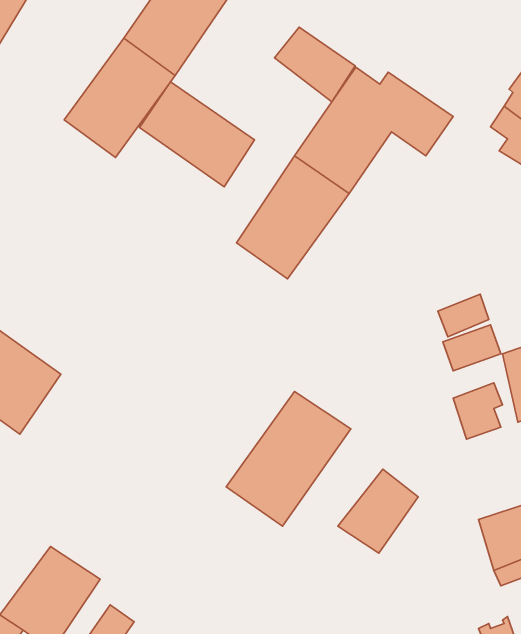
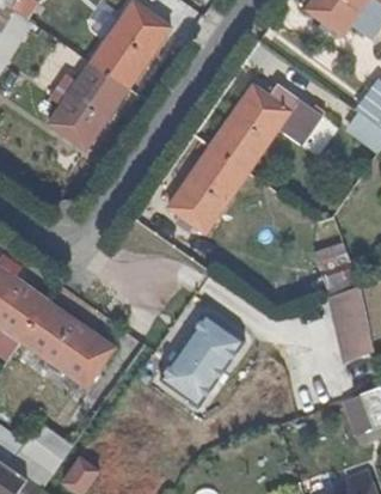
building: [275,27,355,102] -> none
building: [140,82,255,187] -> none
building: none -> [18,299,111,386]
building: [338,469,418,553] -> none

